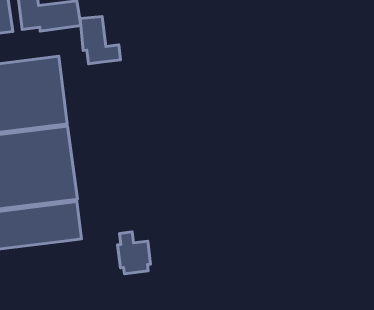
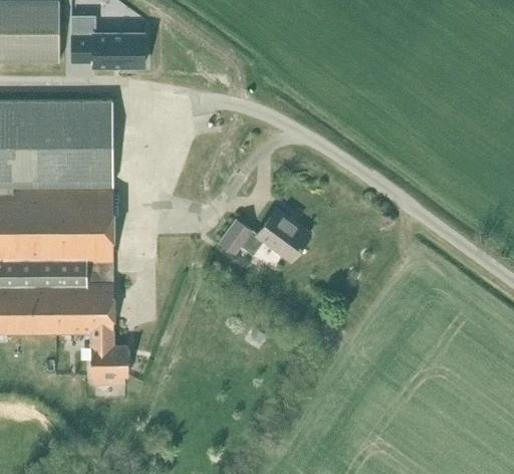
building: [80,16,121,64] -> none
building: none -> [218,209,311,263]
building: [118,232,151,274] -> [89,331,127,383]

